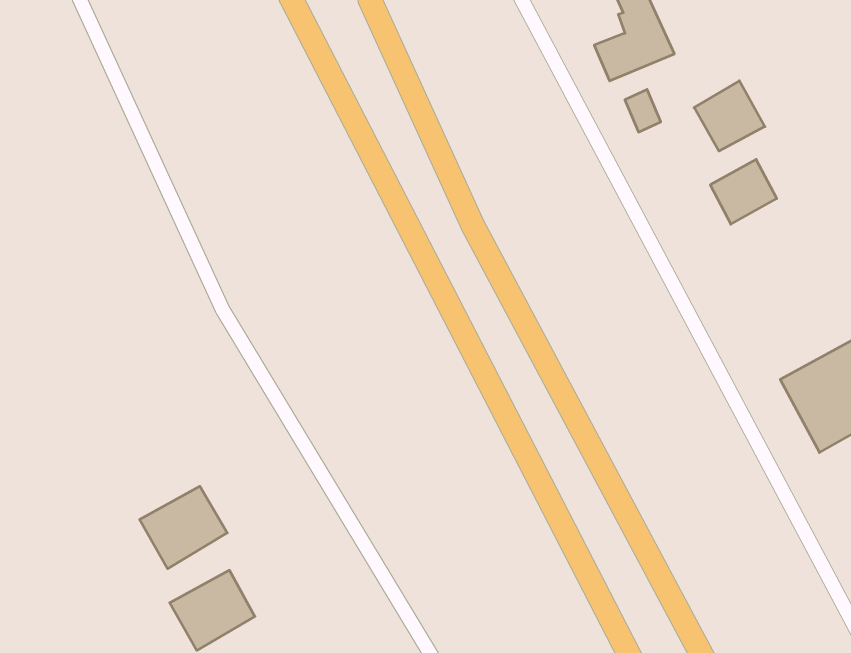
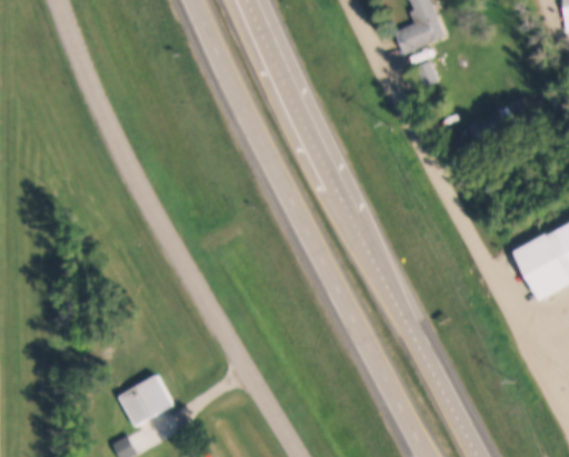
building: [694,81,765,151] -> none
building: [140,486,227,569] -> none

